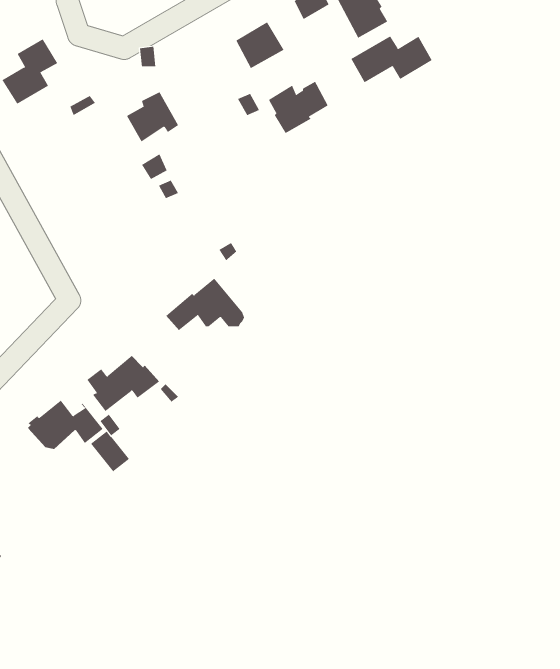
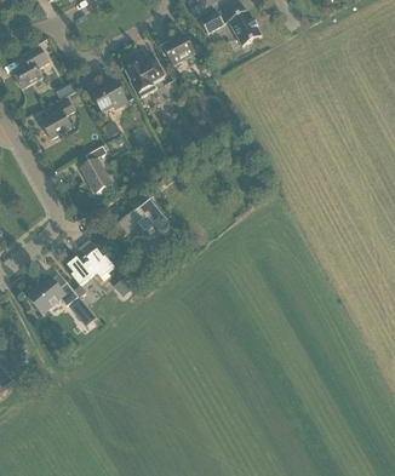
building: [351,35,432,83] -> none
building: [268,70,328,134] -> [125,51,164,92]
building: none -> [40,98,73,138]
building: none -> [80,145,110,191]

